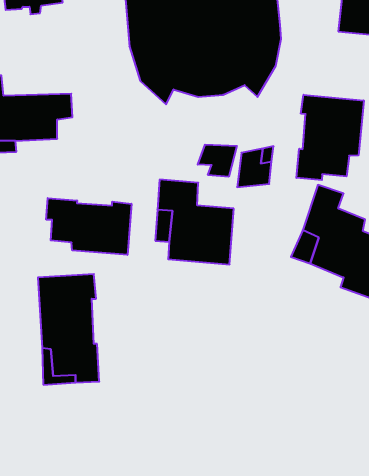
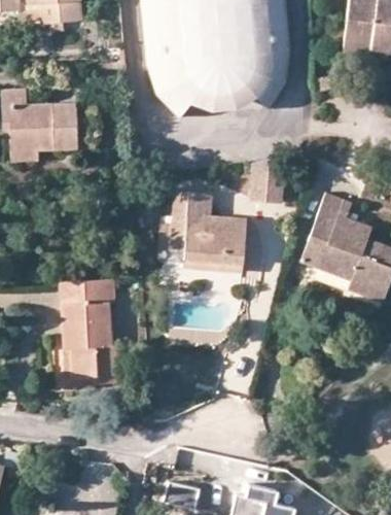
building: [296,95,364,180] -> none
building: [198,145,237,177] -> none
building: [46,198,131,255] -> none

